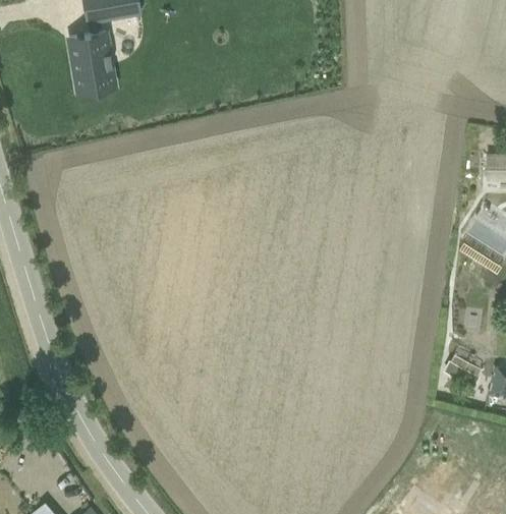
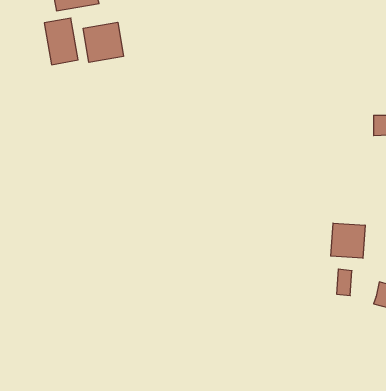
building: none -> [83,22,123,62]
building: none -> [331,223,365,258]

